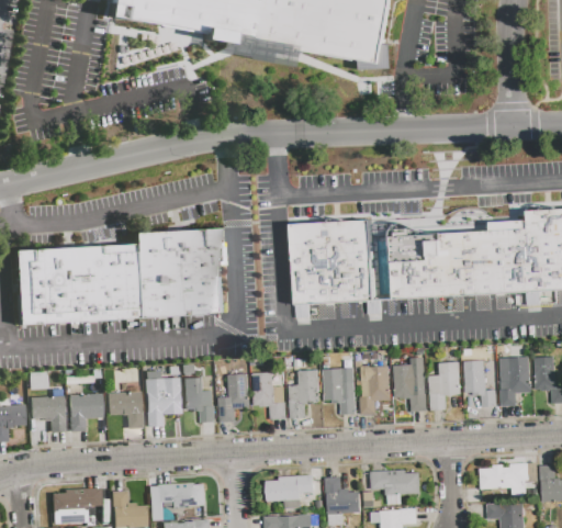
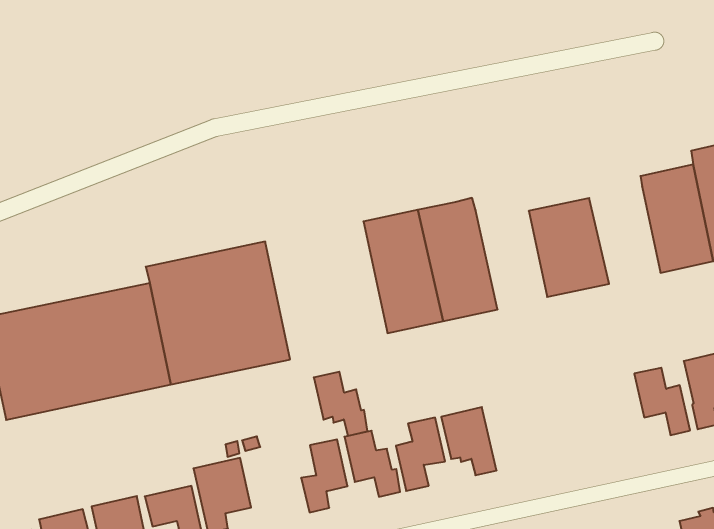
building: [370,226,411,301] -> none
building: [451,231,493,295] -> none
building: [428,362,460,411] -> none
building: [393,364,426,413] -> none
building: [360,367,391,415] -> none
building: [182,377,214,423] -> [314,372,368,436]

